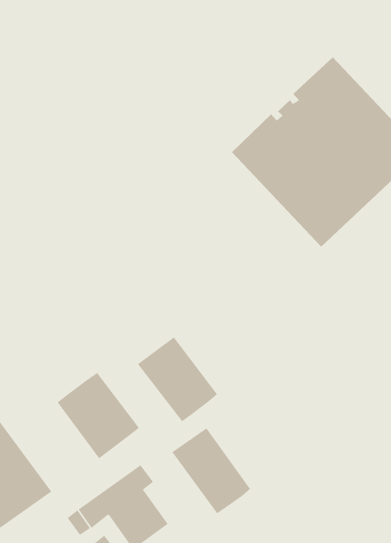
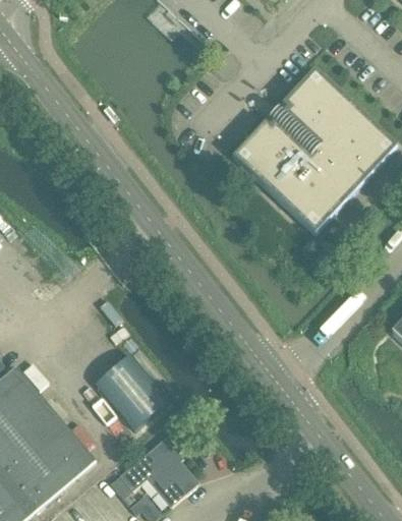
building: [137,337,218,422] -> none
building: [172,427,251,514] -> none

